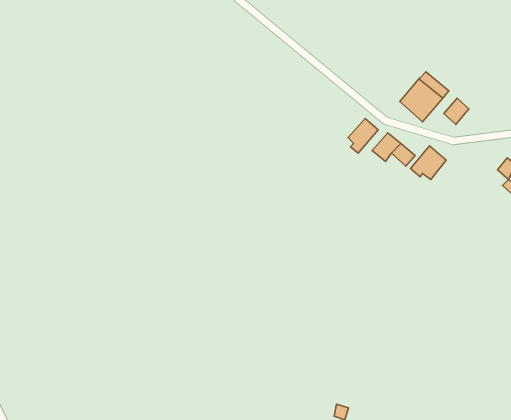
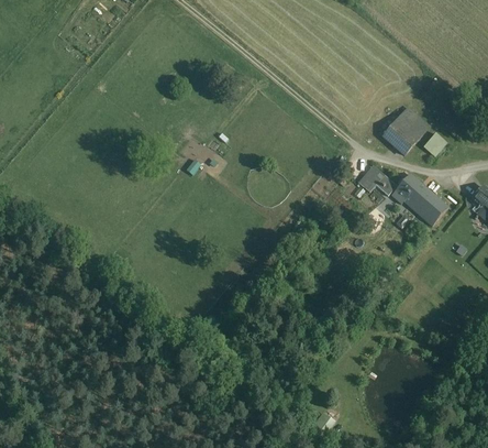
building: [348,119,378,153] -> none
building: none -> [410,188,447,226]

